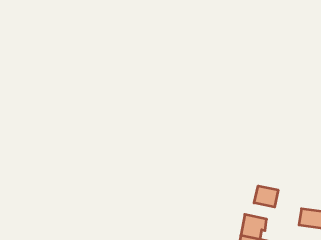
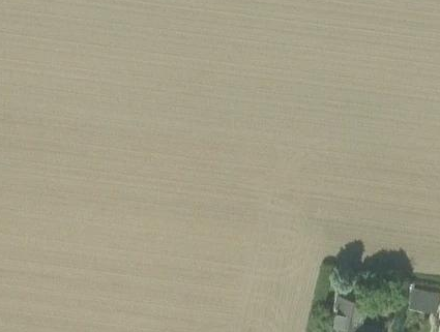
building: [254,186,278,207] -> none

